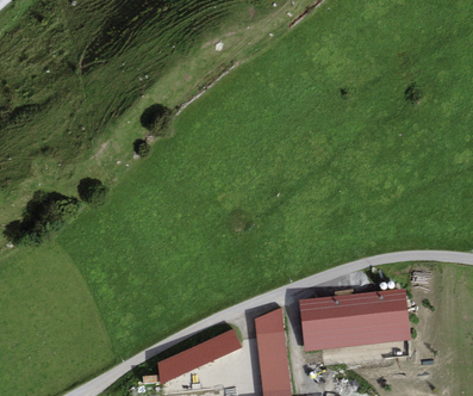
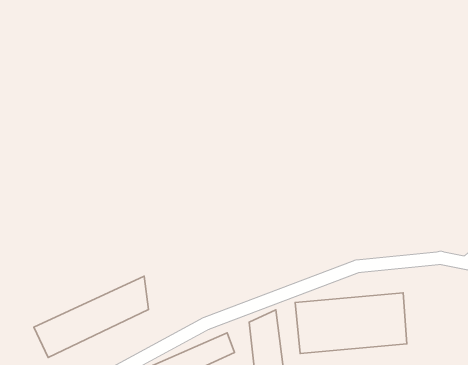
building: none -> [34,276,148,358]

